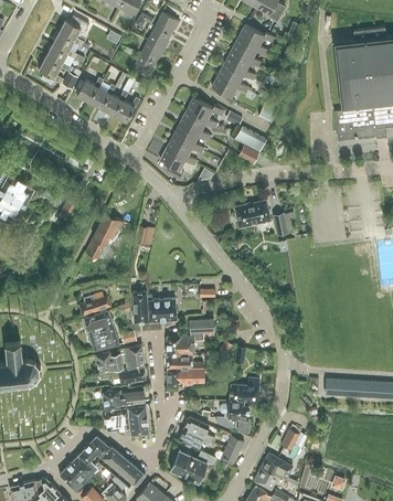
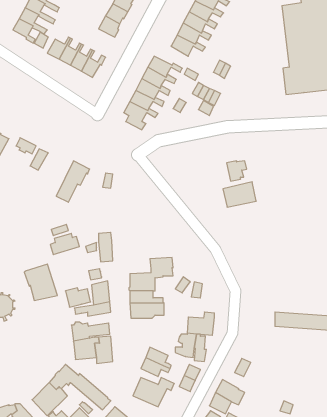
building: [234,200,270,227] -> [223,182,256,207]
building: [148,295,177,322] -> none
building: [83,311,119,351] -> [24,264,57,300]

